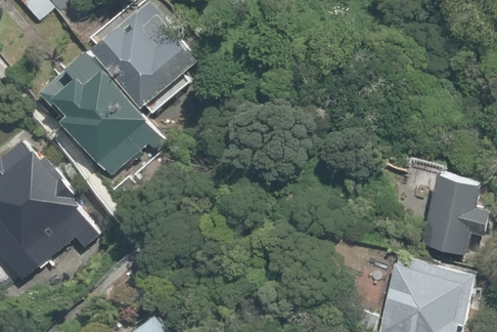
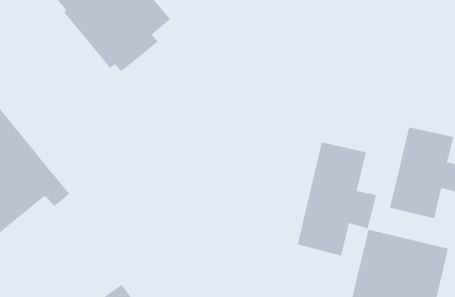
building: [38,43,159,170] -> none
building: none -> [297,141,376,256]

